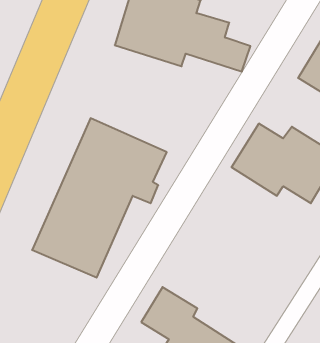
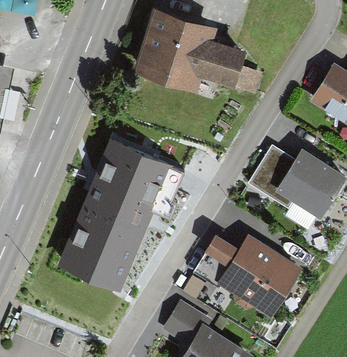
building: none -> [194,233,301,318]

